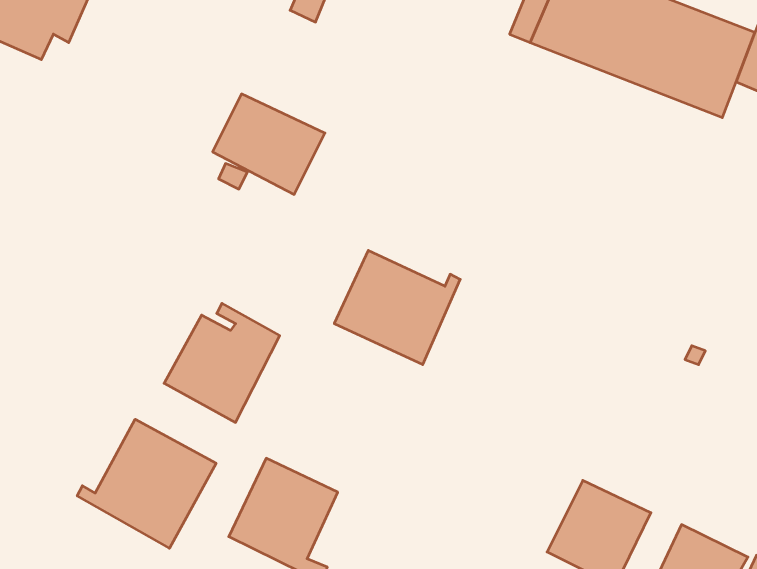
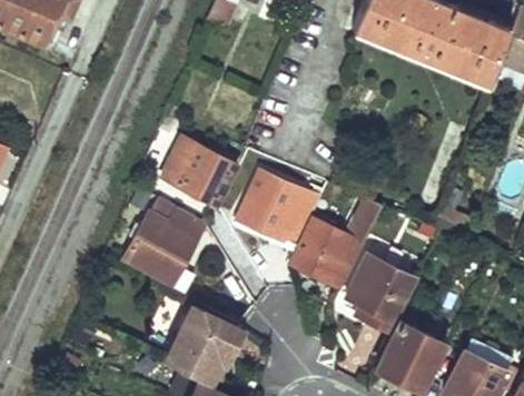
building: [213,94,325,194] -> [162,141,236,207]
building: none -> [291,198,382,290]
building: none -> [346,255,415,331]
building: [77,419,216,548] -> none

